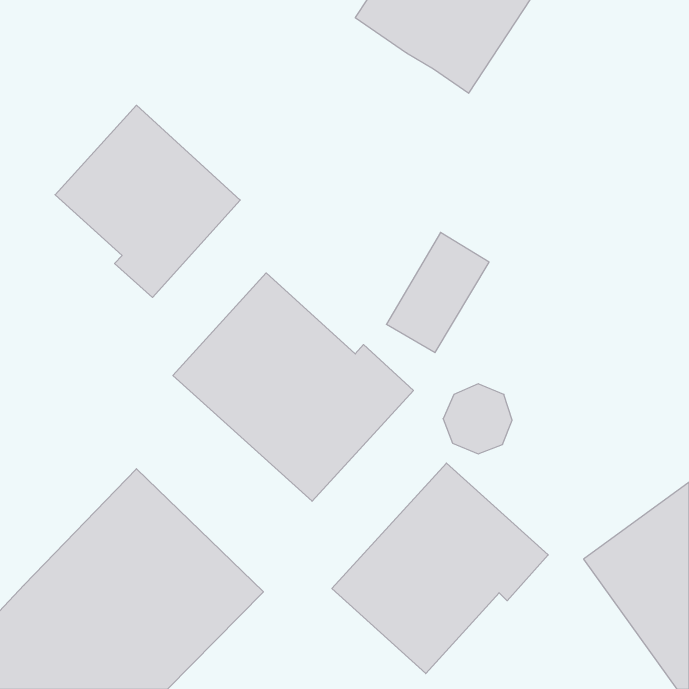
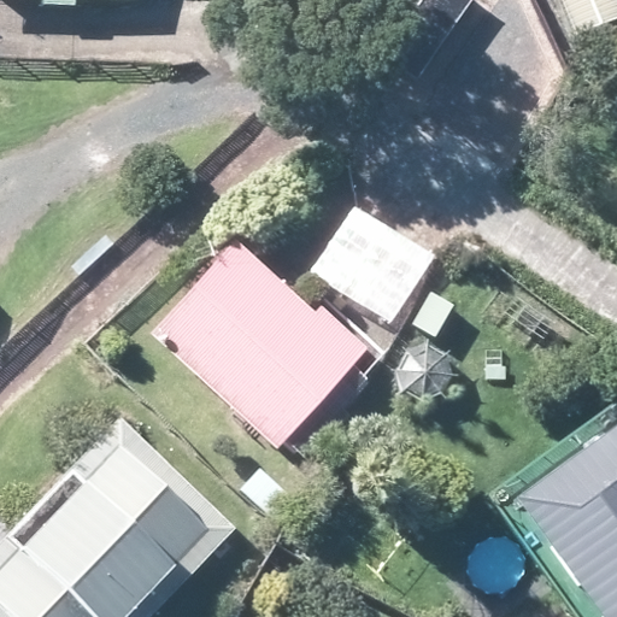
building: [55,105,240,297] -> none
building: [332,463,548,674] -> none

